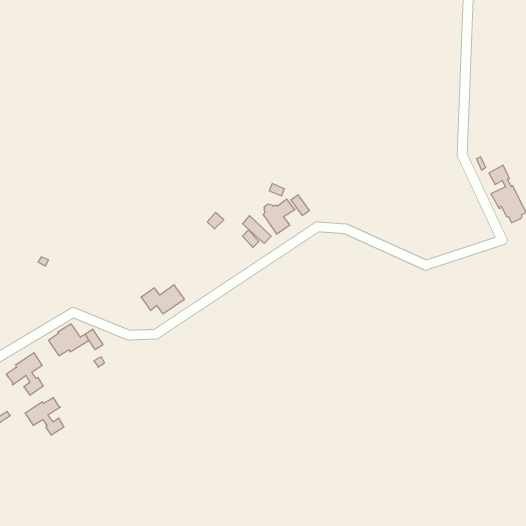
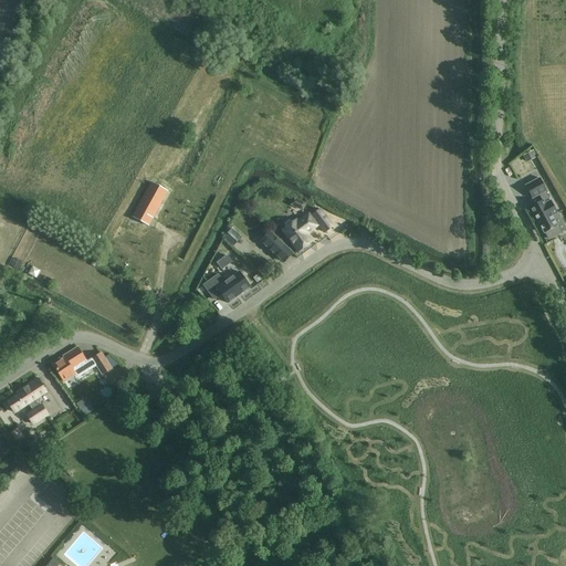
building: none -> [130,181,167,224]
building: [141,285,184,314] -> [203,271,250,302]
building: [25,397,64,435] -> none

